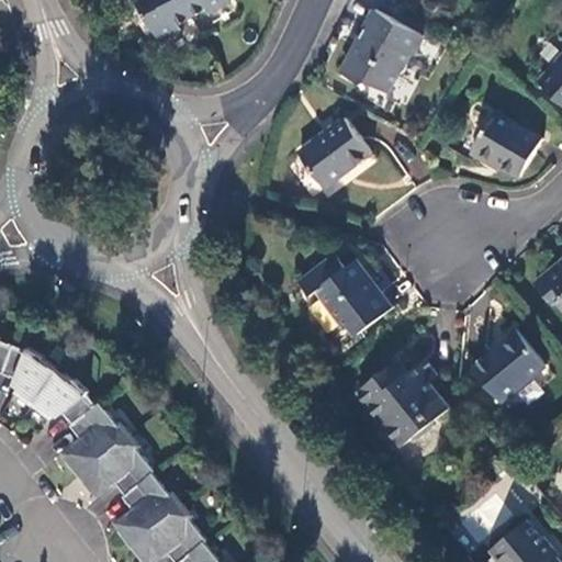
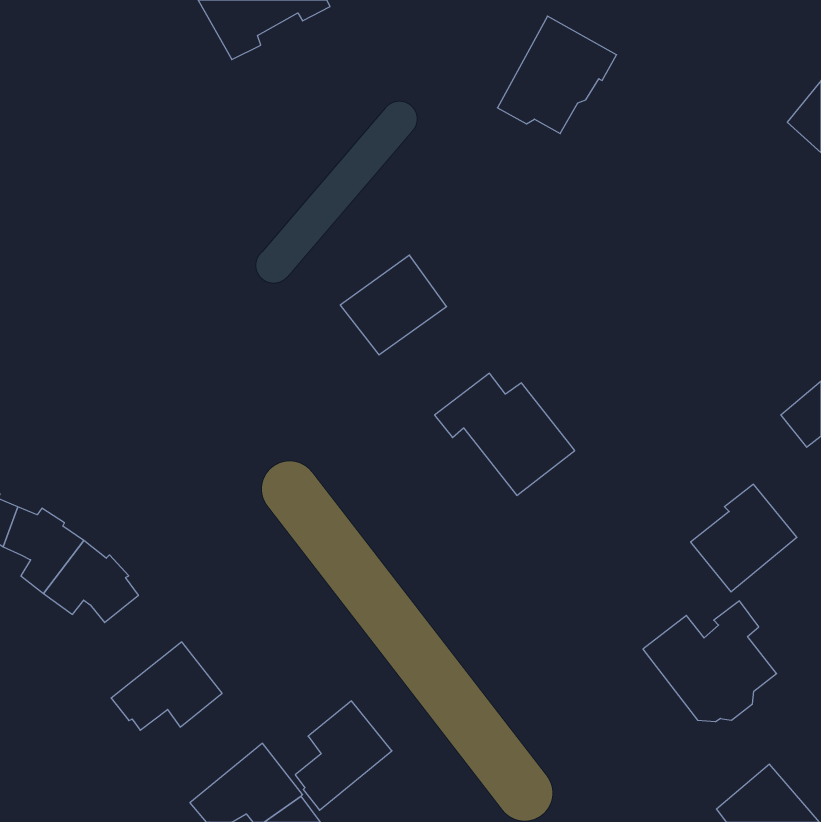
building: [468,113,539,178] -> none
building: [296,120,369,188] -> [340,255,447,355]
building: [357,360,448,442] -> [643,601,777,722]
building: [60,402,127,476] -> none
building: [113,473,179,548] -> [295,701,392,810]

